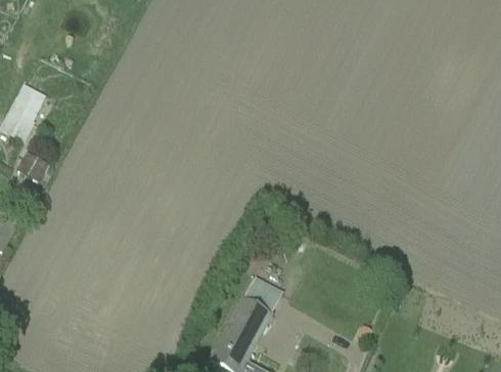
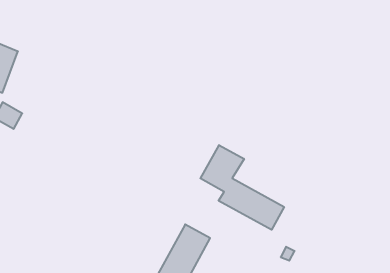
building: none -> [200,145,284,230]

